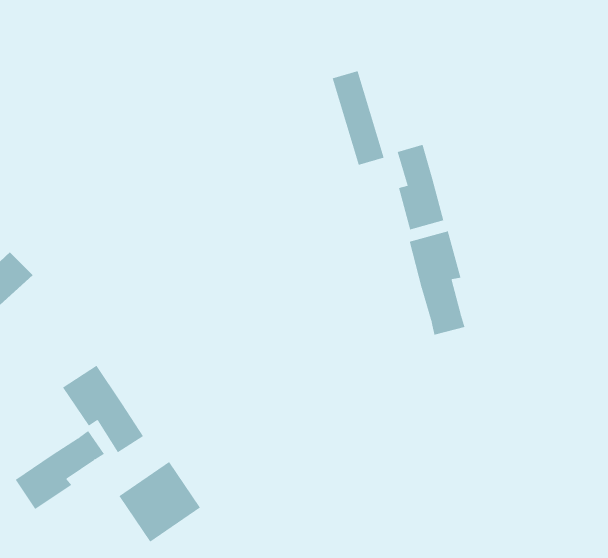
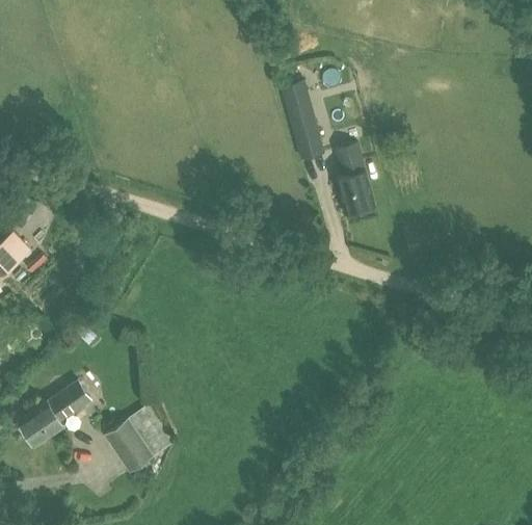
building: [409,230,465,335] -> none
building: [62,365,144,453] -> none

